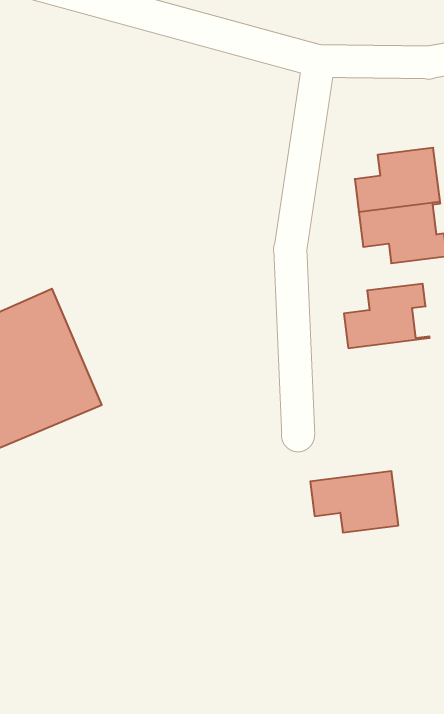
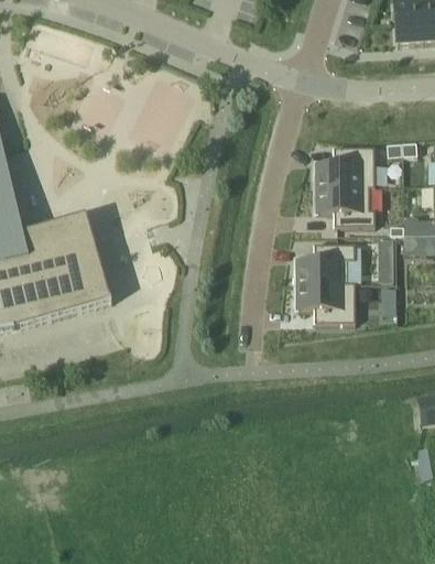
building: [310,471,398,532] -> [295,282,355,322]

